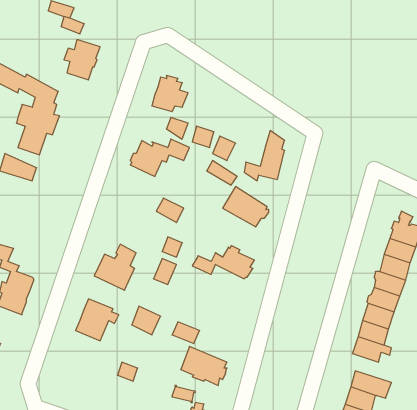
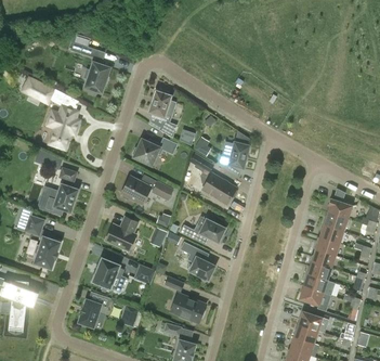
building: none -> [40,168,78,216]
building: none -> [122,177,152,204]
building: none -> [181,242,215,282]
building: none -> [78,299,108,330]

